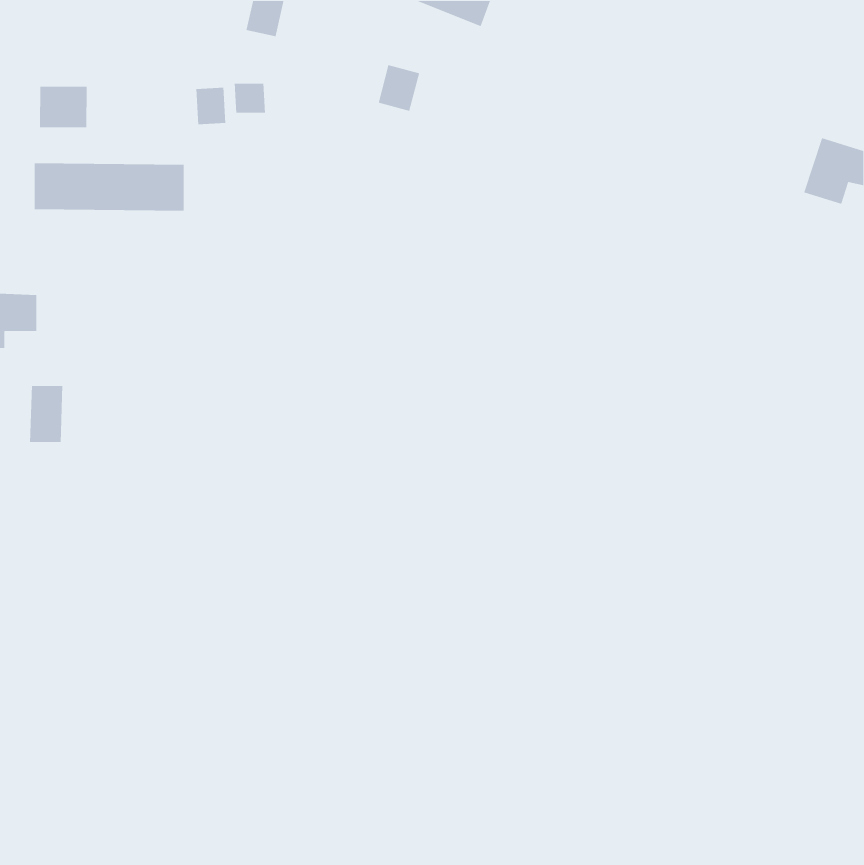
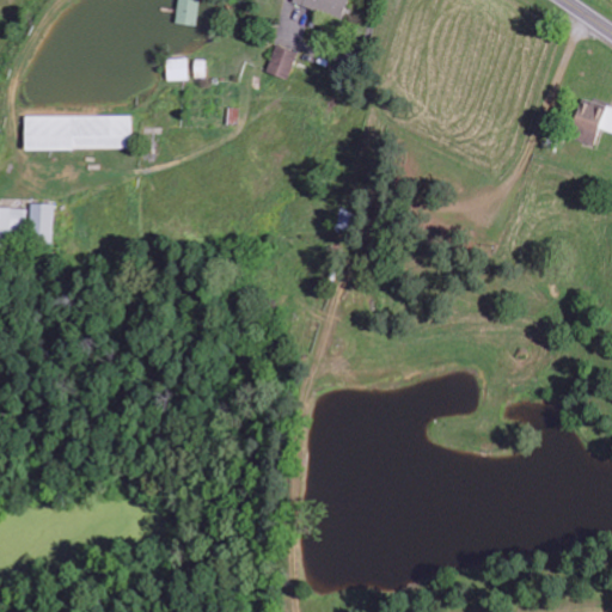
building: [39,86,87,128] -> none
building: [196,87,226,125] -> none
building: [29,385,63,443] -> [30,203,54,244]

